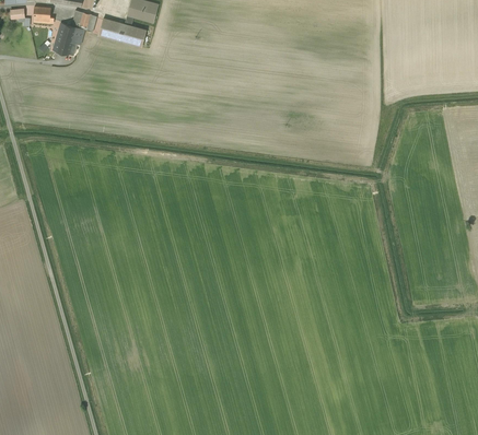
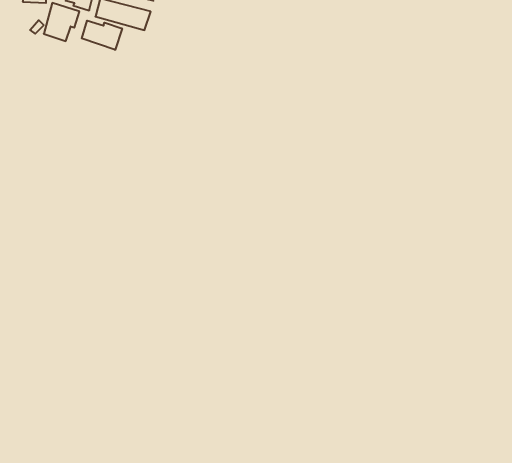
building: none -> [82,21,122,50]

